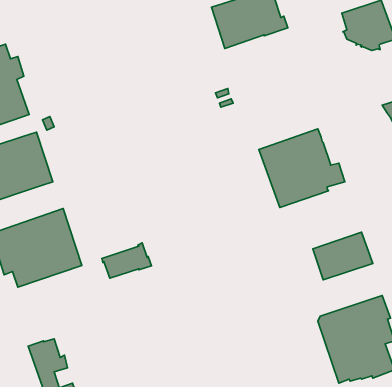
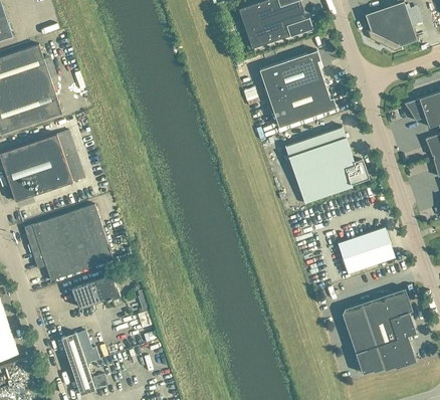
building: none -> [259,50,336,127]
building: [102,243,151,278] -> [71,273,120,308]

